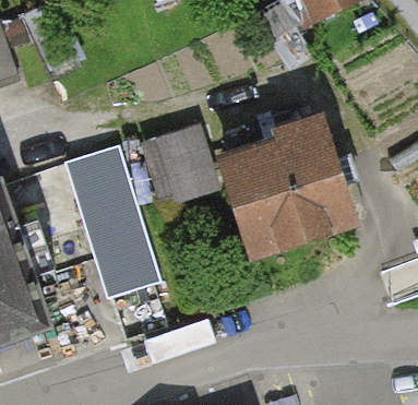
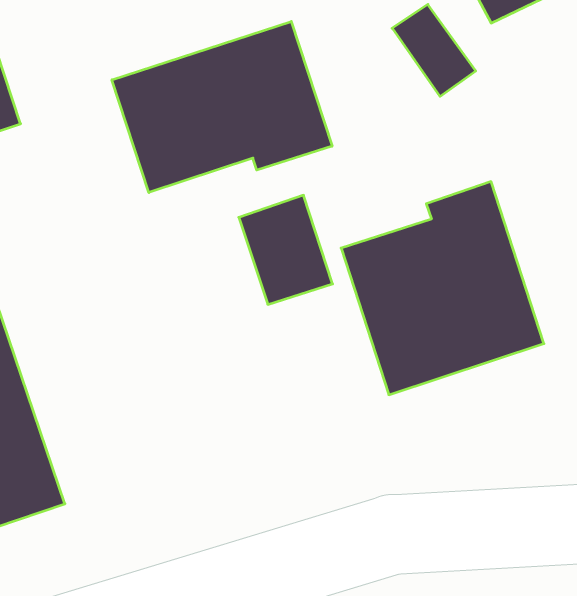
building: none -> [112,21,332,193]
building: [63,146,158,299] -> none

